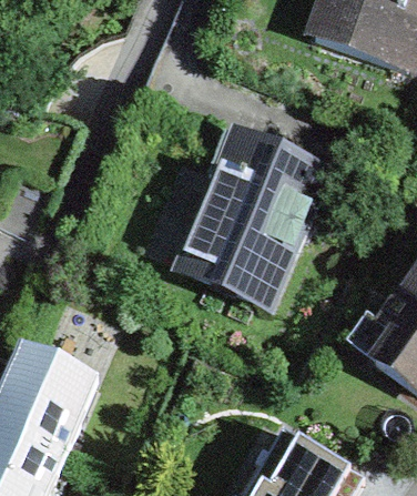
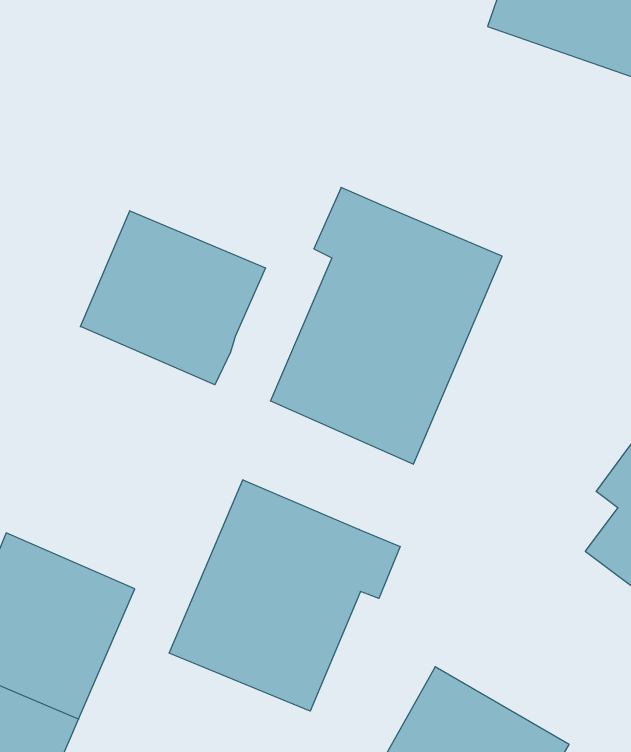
building: none -> [80,211,265,385]
building: none -> [169,480,400,711]

